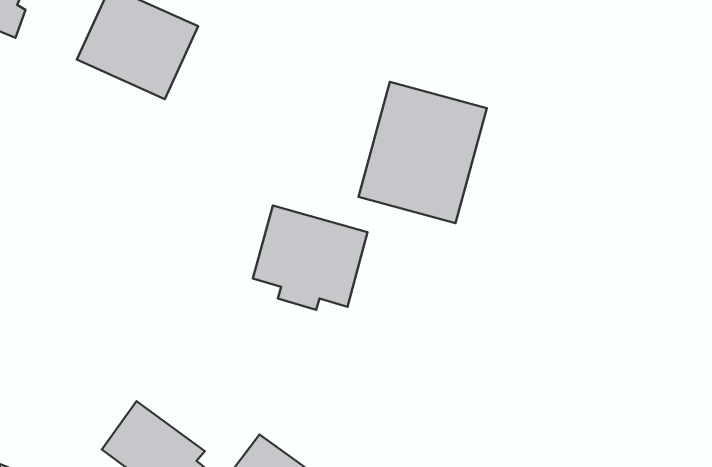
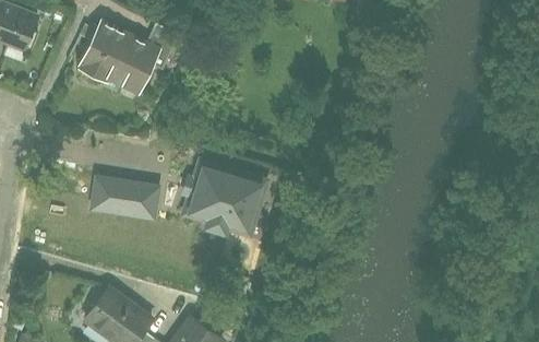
building: [359,82,487,223] -> none
building: none -> [91,176,160,220]

